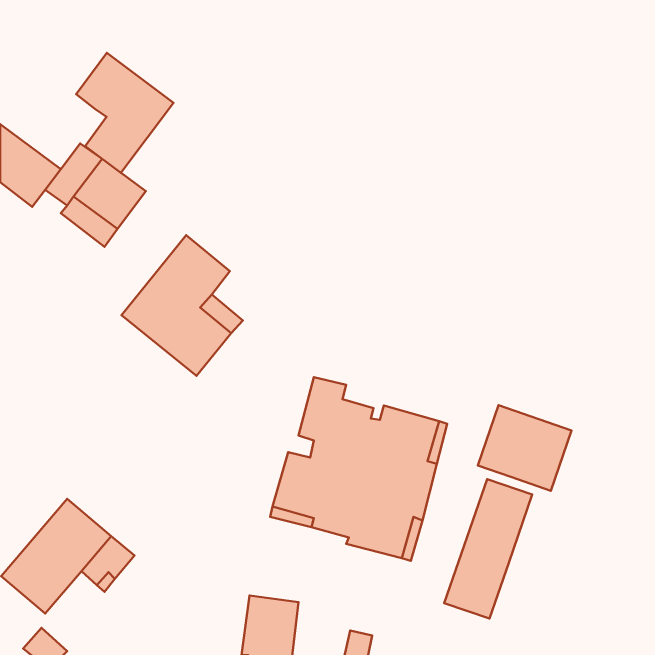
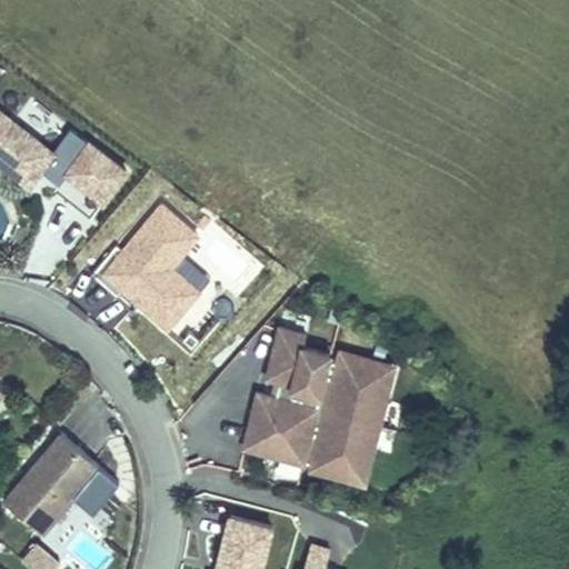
building: [76,53,173,173] -> none
building: [478,405,571,491] -> none
building: [444,479,532,619] -> none

